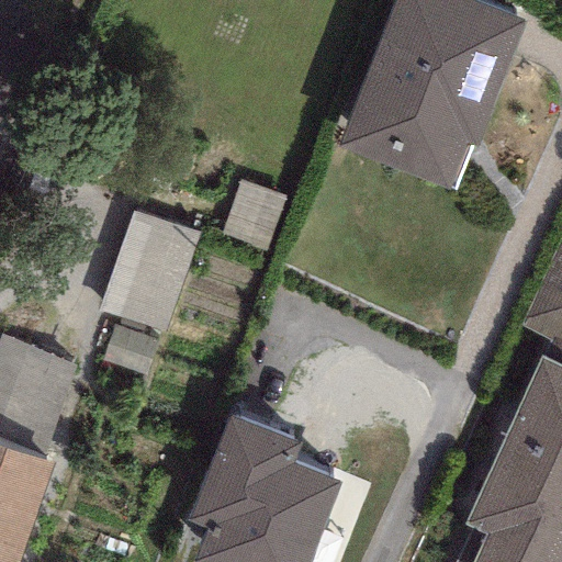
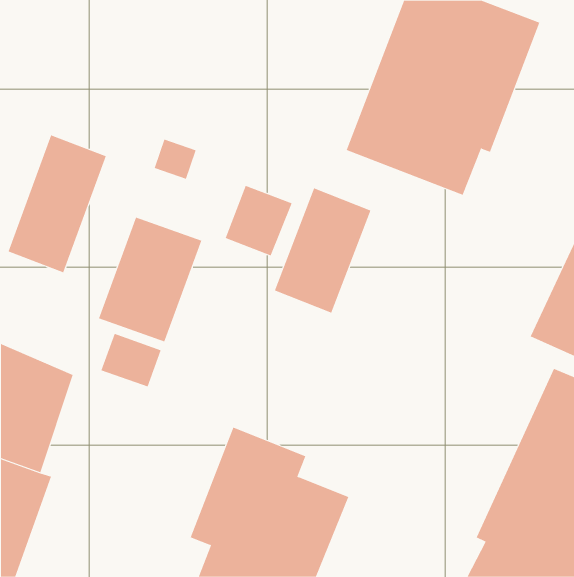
building: none -> [8,134,107,273]
building: none -> [274,188,371,314]

